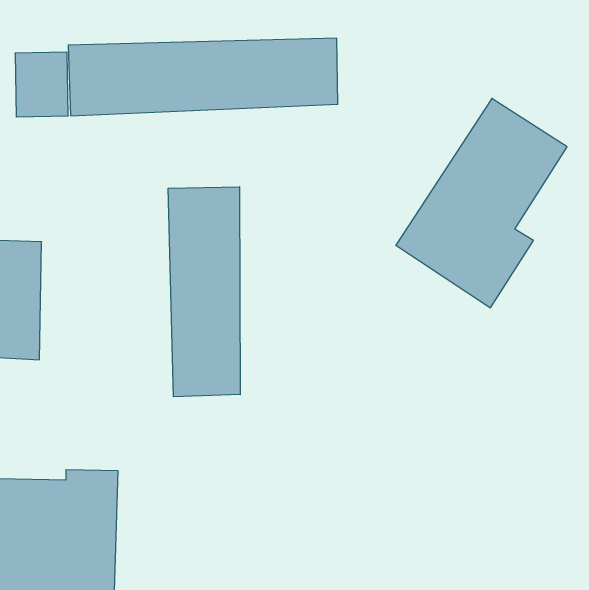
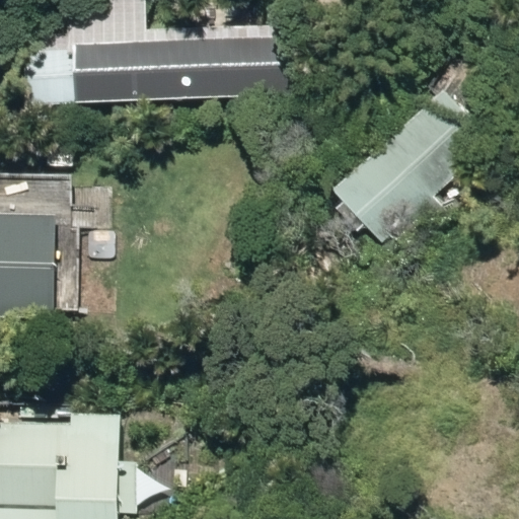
building: [168,187,240,397] -> none

